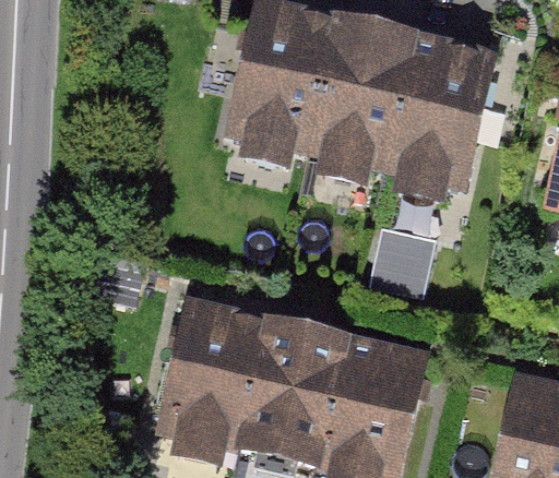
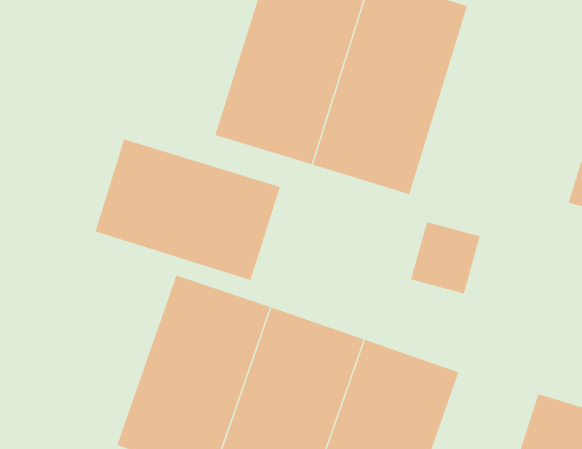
building: [390,32,519,225] -> none
building: none -> [95,138,281,281]

